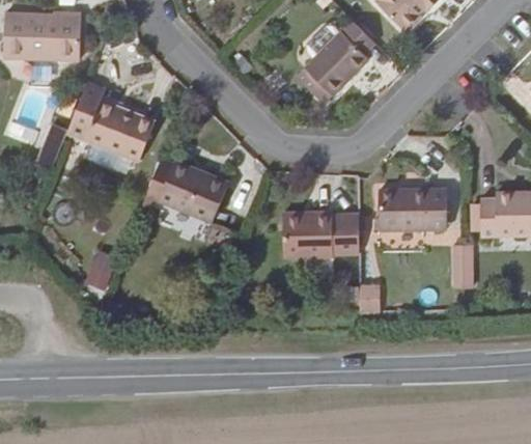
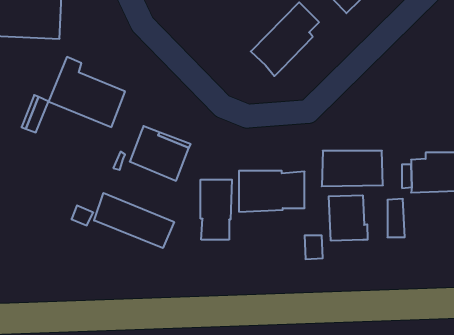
building: none -> [201,180,232,240]
building: none -> [94,193,174,248]
building: none -> [329,195,368,241]

